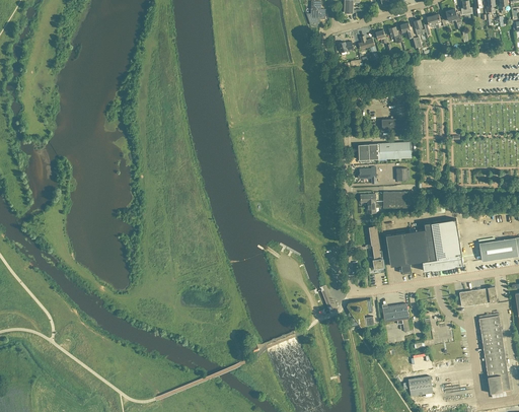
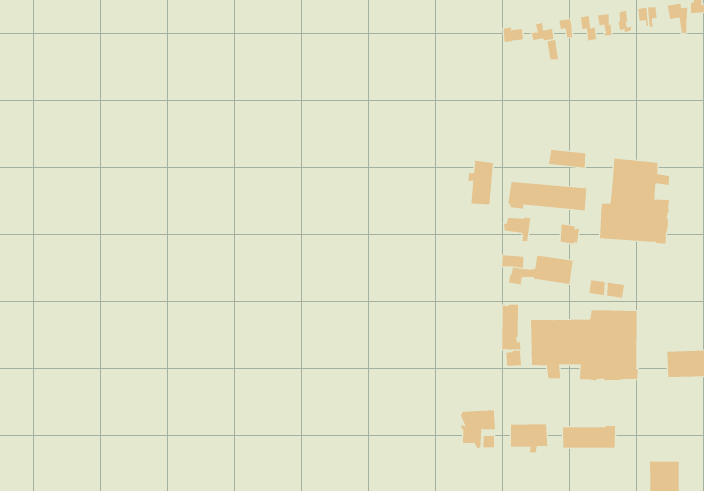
building: none -> [600,158,670,244]
building: none -> [468,160,493,205]
building: [459,286,497,306] -> [562,425,616,448]

